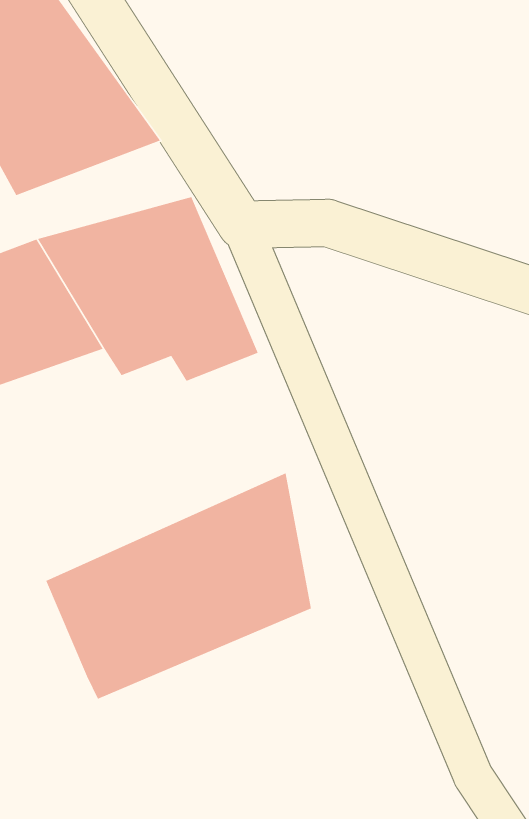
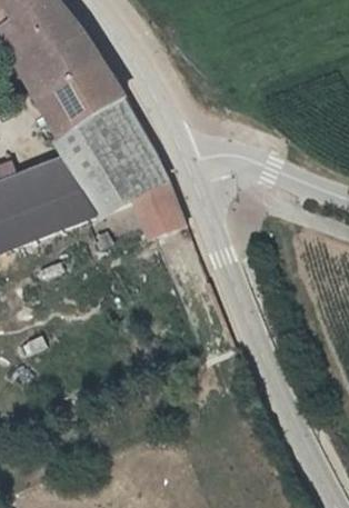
building: none -> [46,98,148,155]
building: [45,472,312,700] -> none

